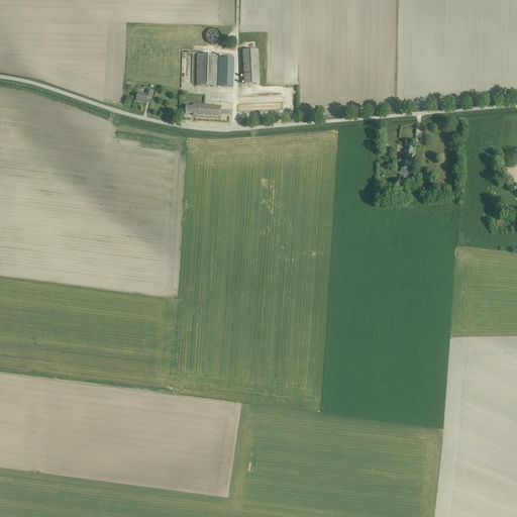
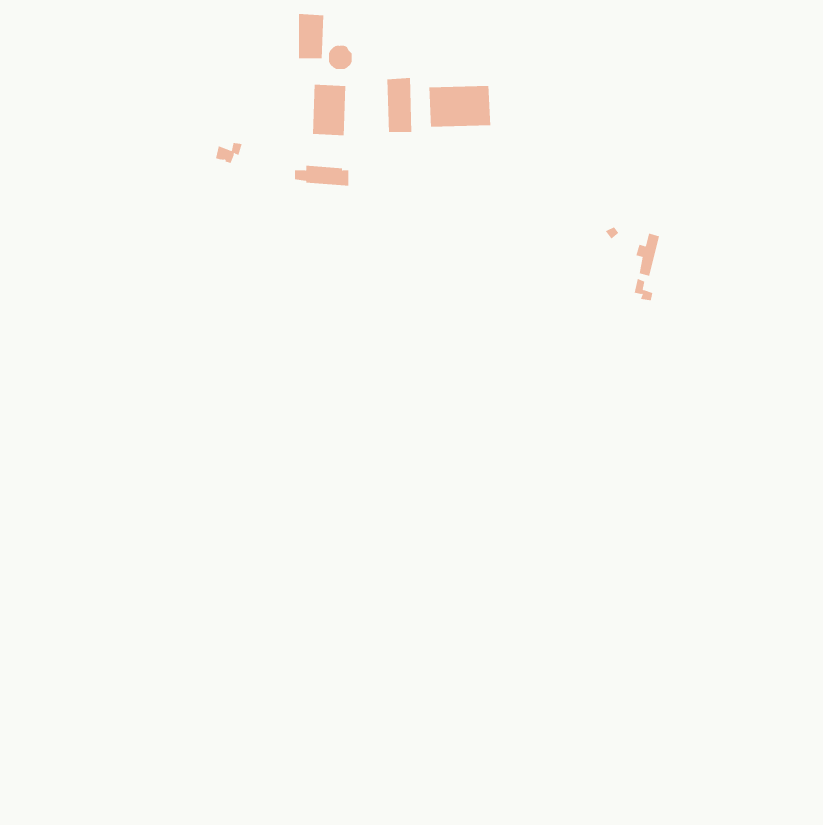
building: none -> [429,85,491,128]
building: [216,57,232,85] -> [298,14,324,59]

